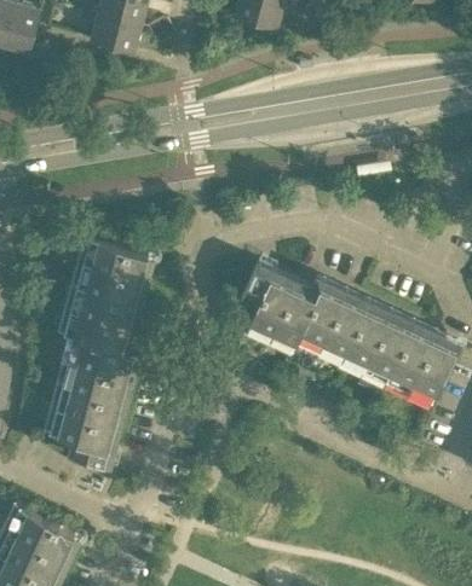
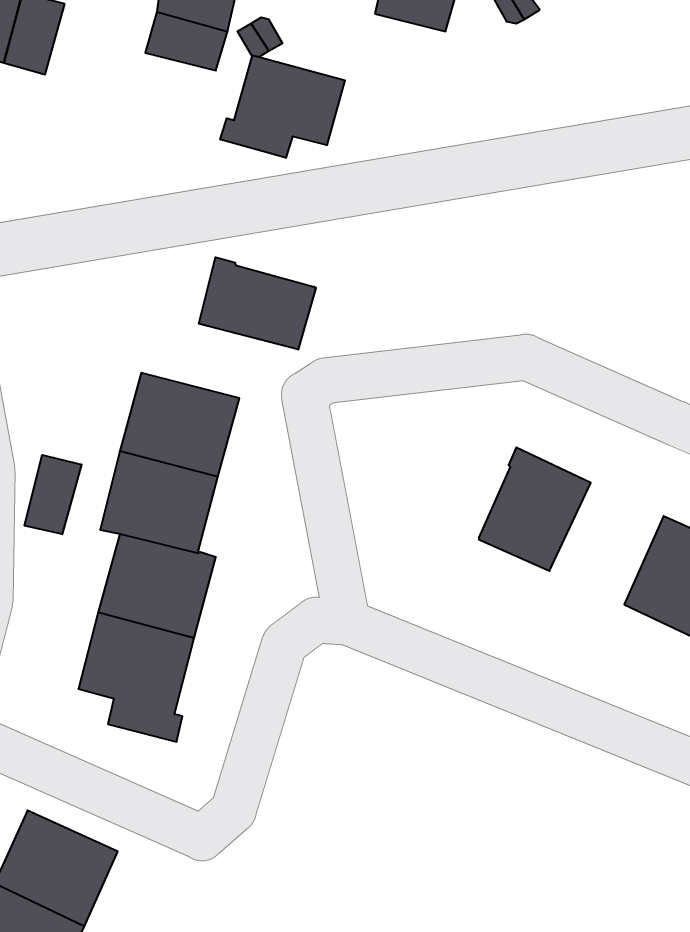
building: none -> [220,55,345,158]
building: none -> [199,257,316,350]
building: [241,261,316,350] -> none
building: none -> [25,455,82,534]
building: [340,304,410,379] -> none

